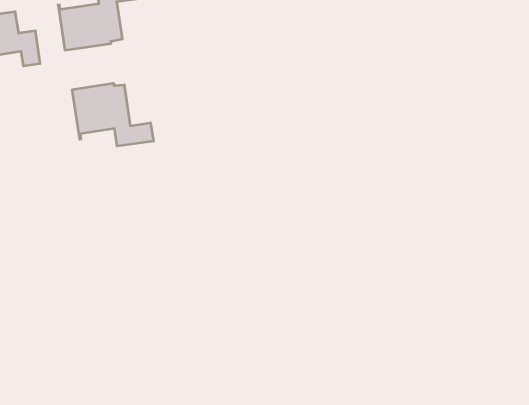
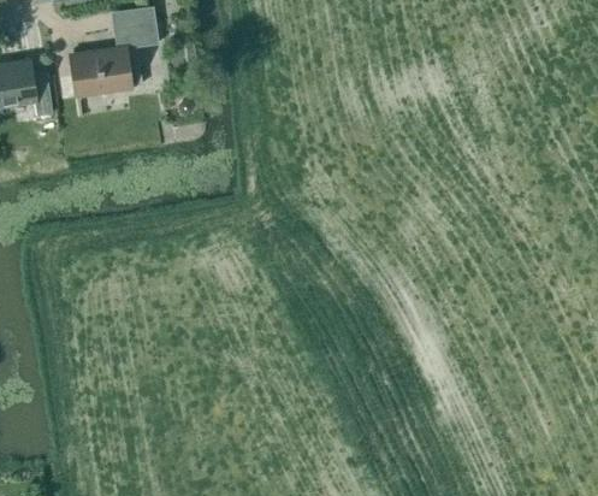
building: [72,83,153,146] -> none

